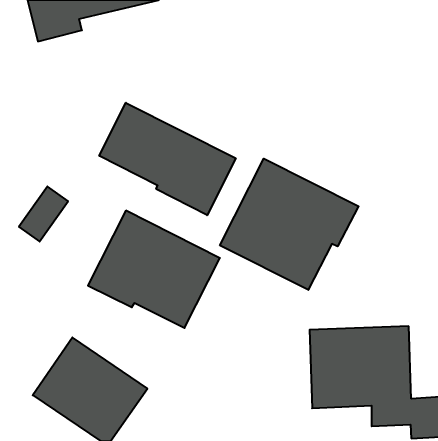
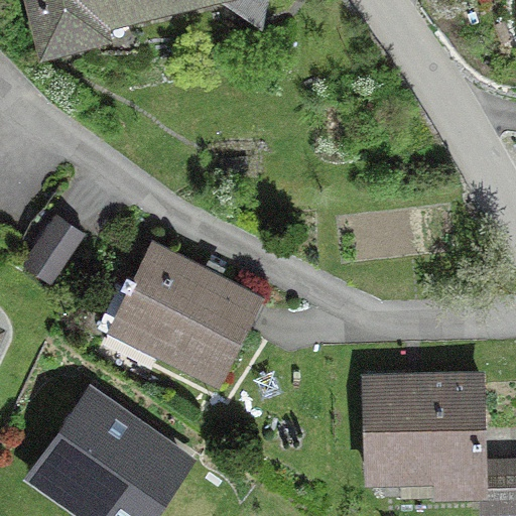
building: [99,103,236,215] -> none
building: [220,159,359,290] -> none

